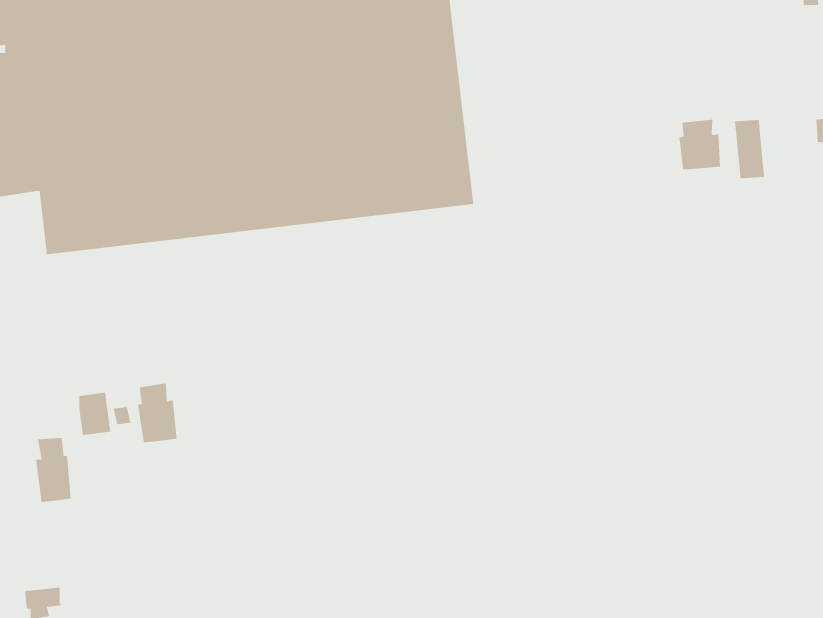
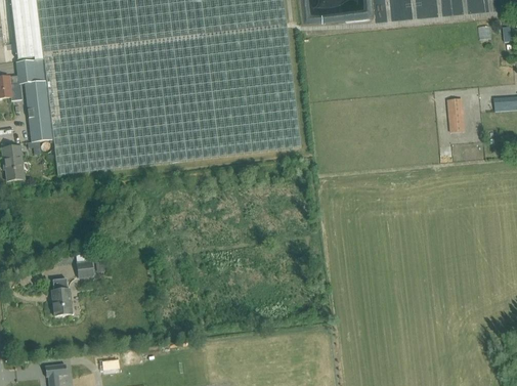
building: [679,119,721,170] -> none
building: [137,382,177,443] -> none

